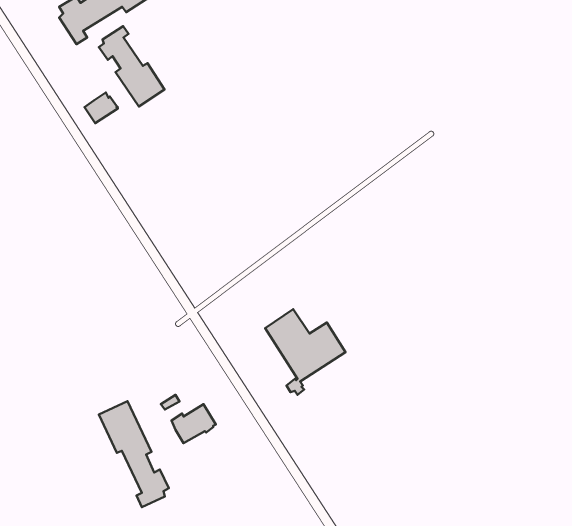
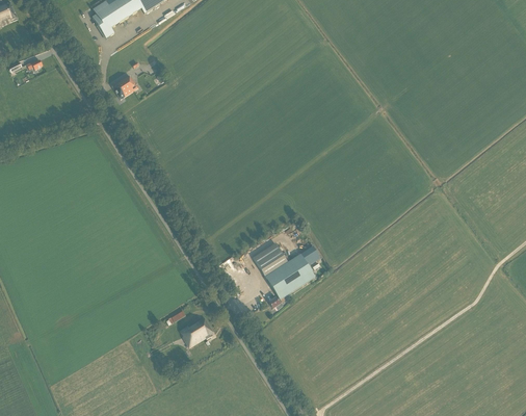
building: [99,26,165,106] -> none
building: [99,401,169,507] -> none

